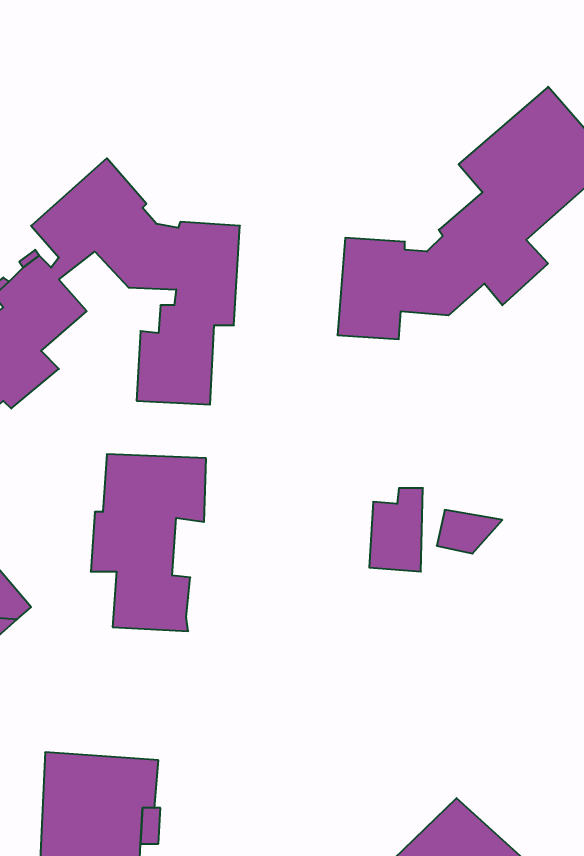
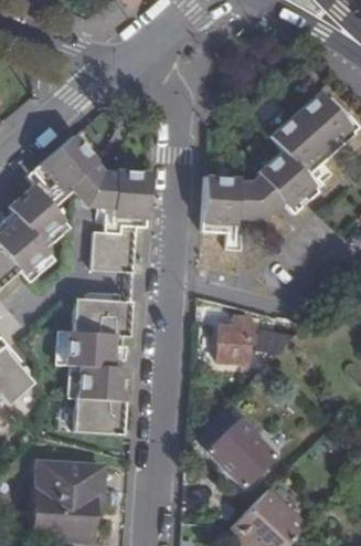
building: none -> [74,393,125,431]
building: none -> [198,408,276,486]

